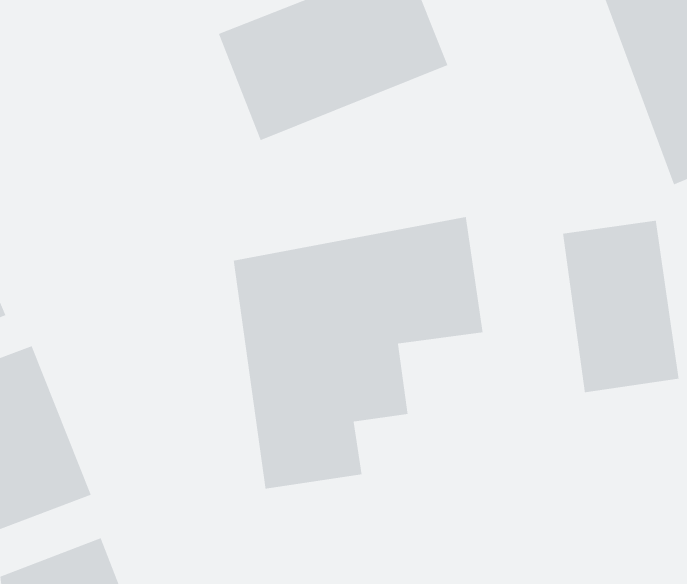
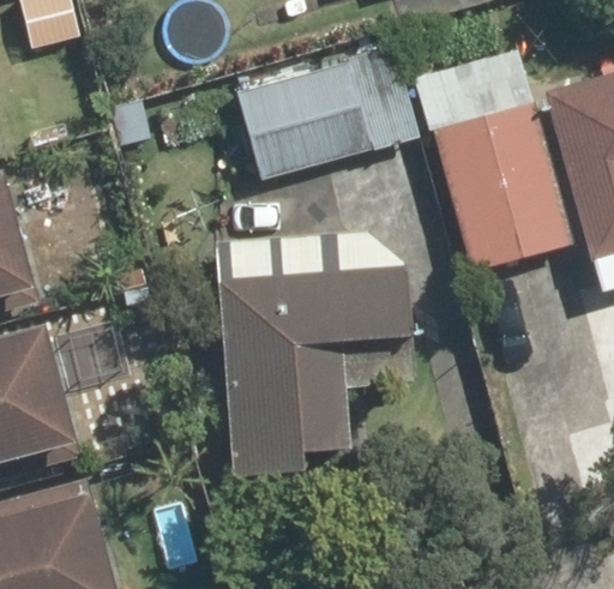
building: none -> [428,109,568,270]
building: [562,220,679,393] -> none

